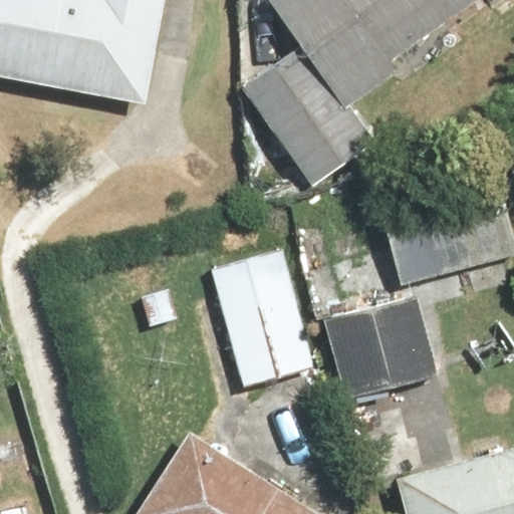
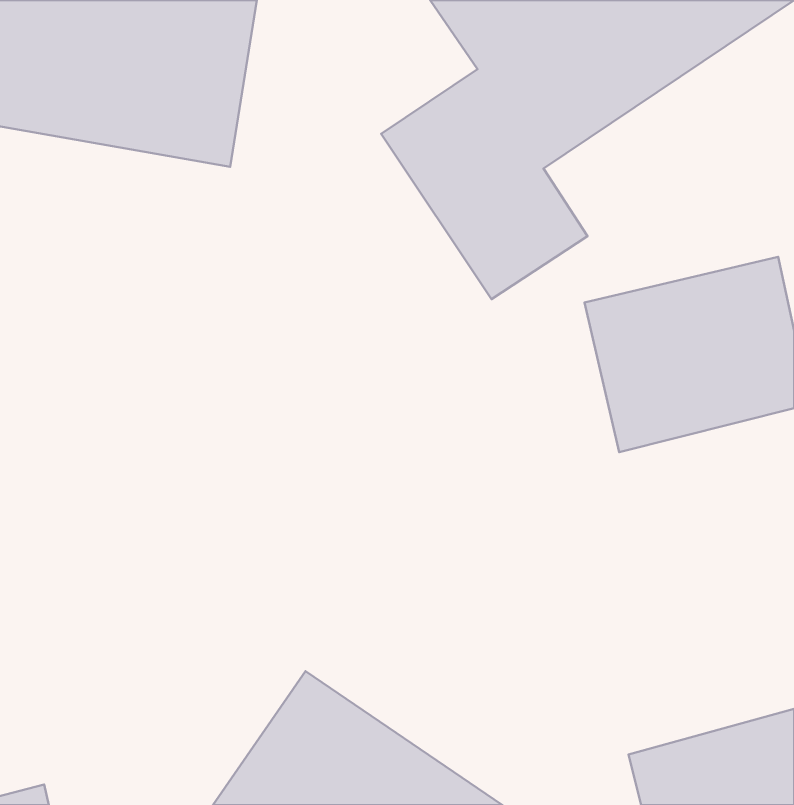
building: [208,242,315,390] -> none
building: [323,295,437,406] -> none

